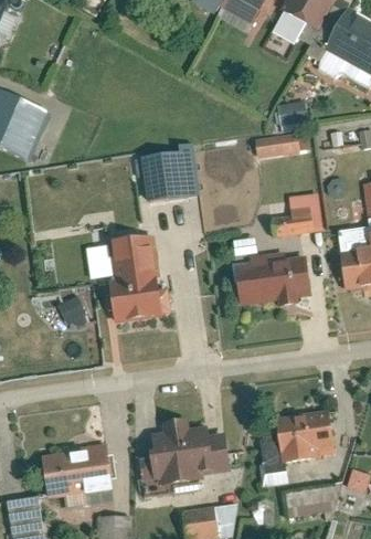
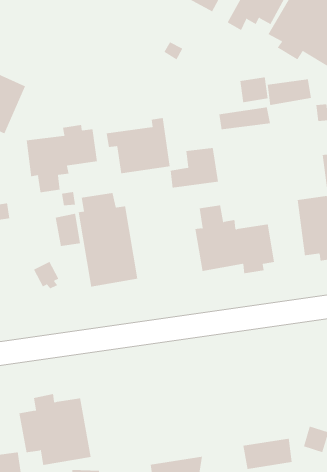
building: none -> [267,79,312,106]
building: none -> [26,124,97,193]
building: [273,193,325,236] -> [170,148,219,188]
building: [255,406,336,487] -> none
building: [150,419,235,495] -> none

